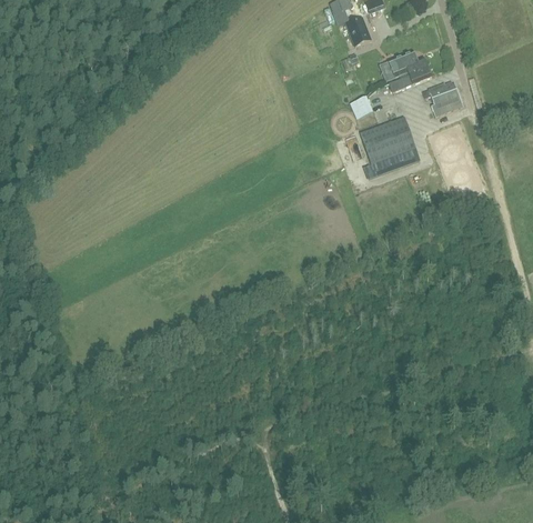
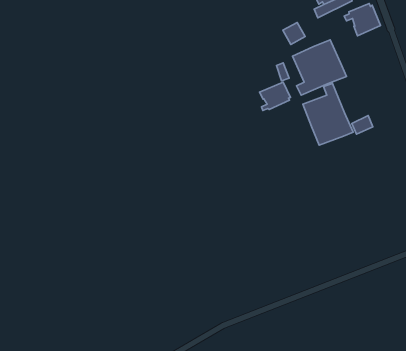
building: none -> [259,82,291,110]
building: none -> [303,83,353,145]

